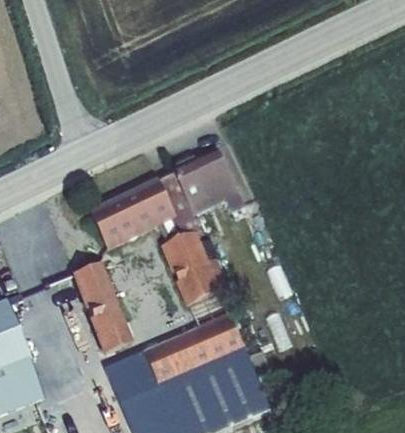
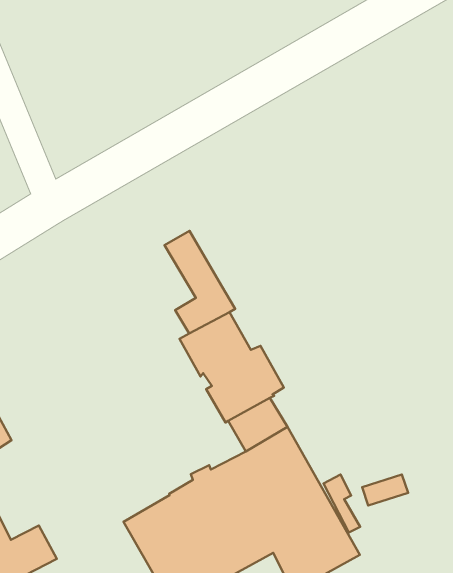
building: [174,150,245,212] -> none
building: [91,181,175,250] -> none
building: [70,259,132,352] -> none

